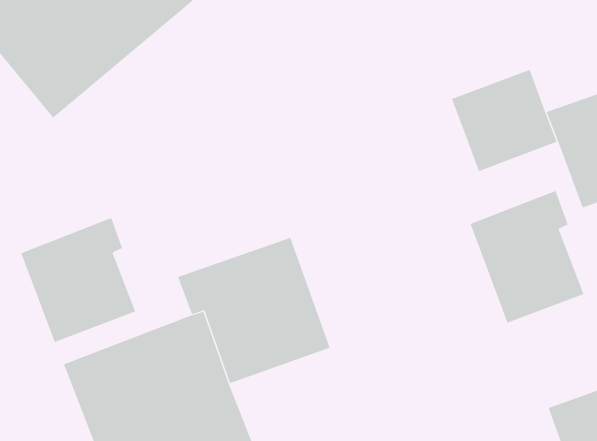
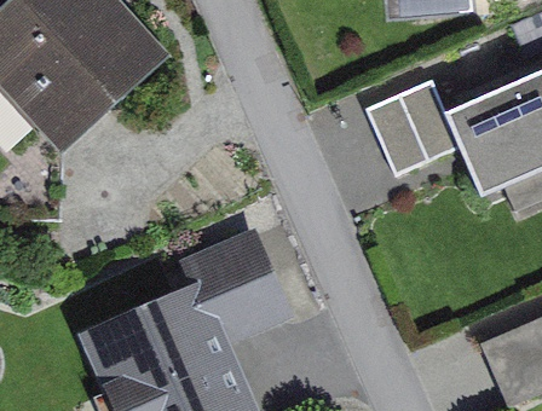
building: [470,190,584,324] -> none
building: [21,217,136,343] -> none

